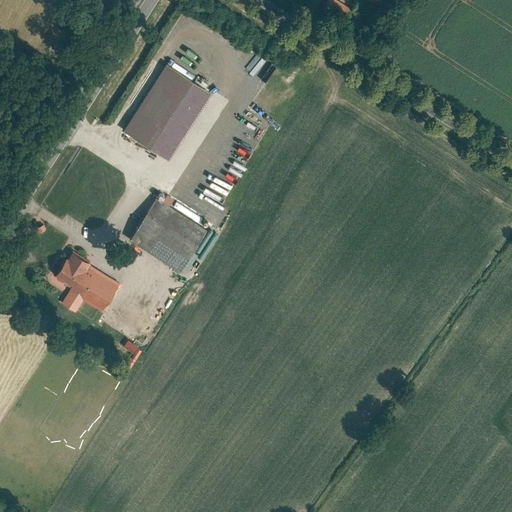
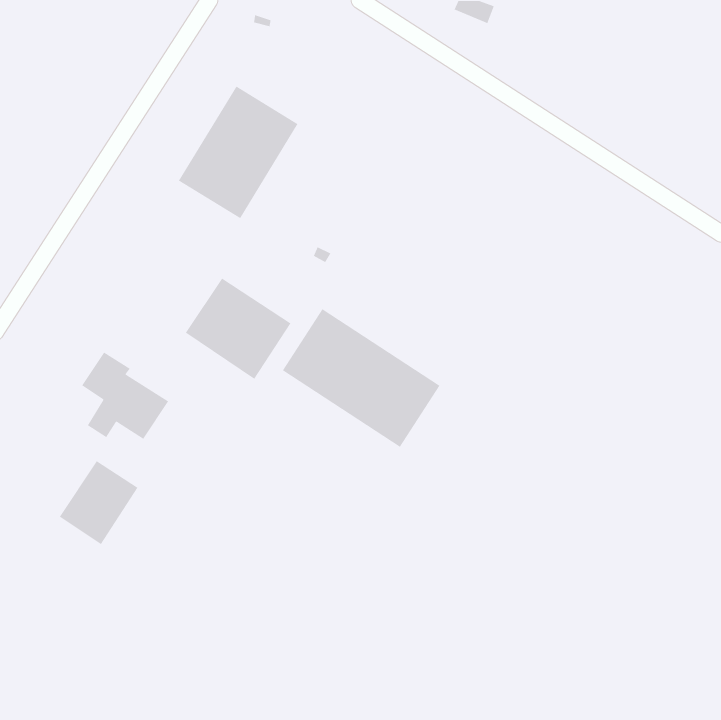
building: none -> [282,308,441,448]
building: none -> [59,460,138,545]

